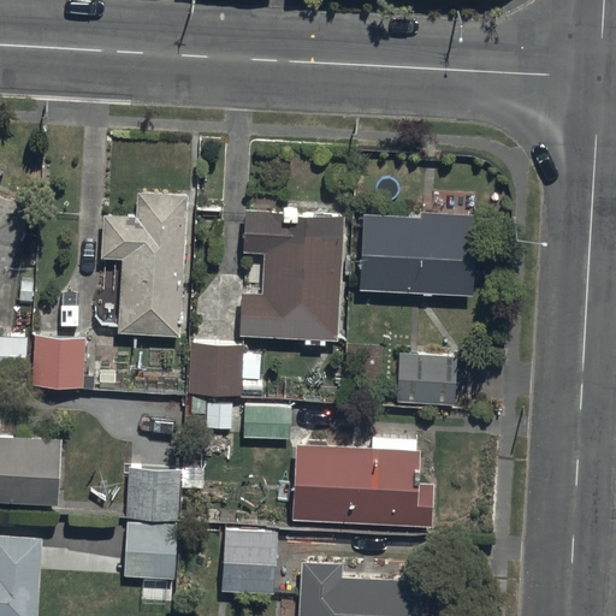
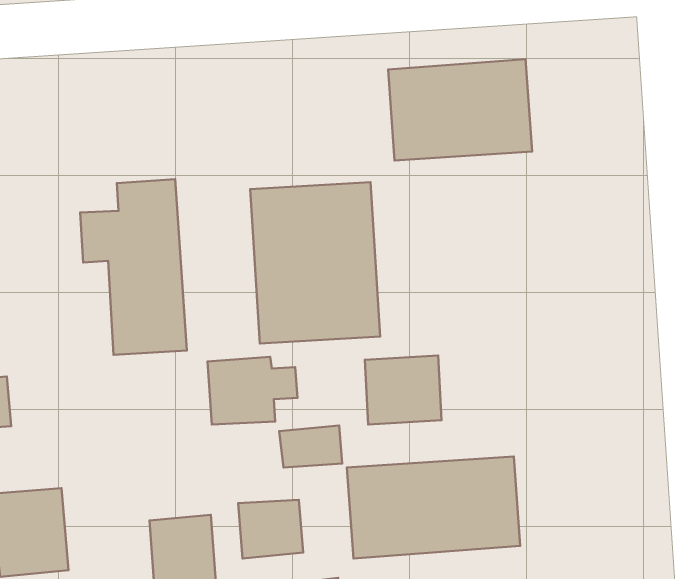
building: [357,212,474,292] -> [388,59,532,160]
building: [32,338,85,392] -> none
building: [395,355,458,411] -> [365,355,441,424]
building: none -> [238,500,303,558]

